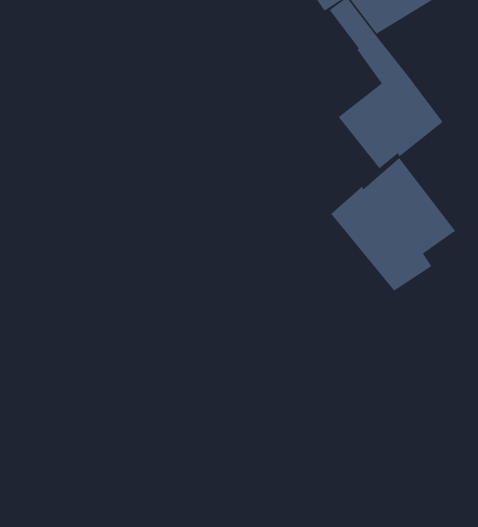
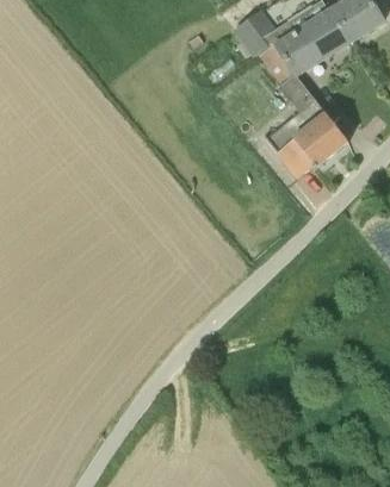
building: [331,157,456,291] -> none

